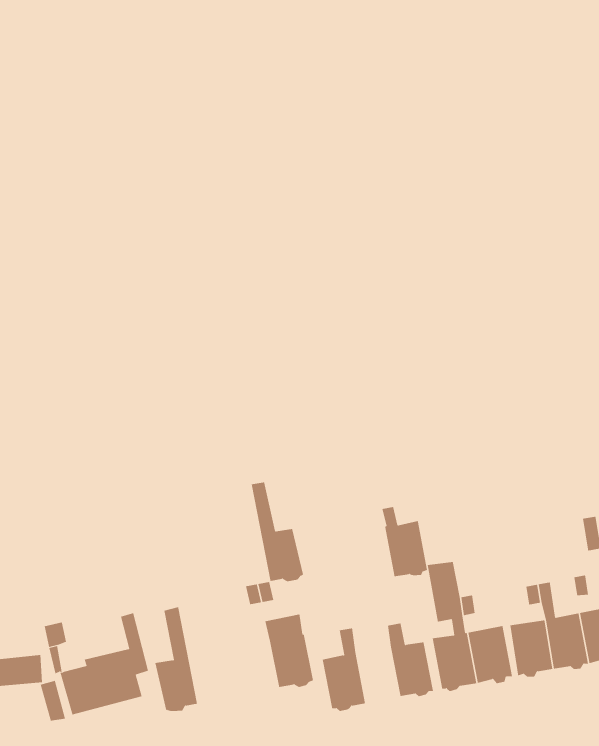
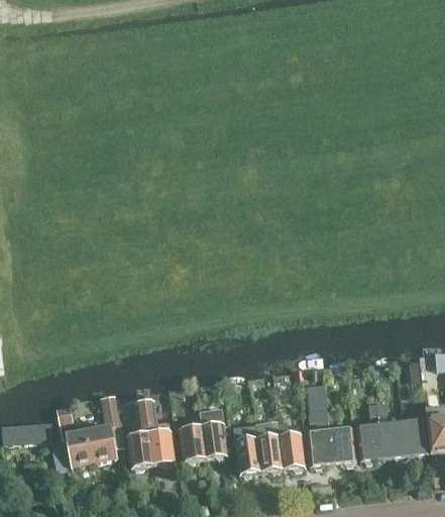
building: [251,482,304,582] -> [144,398,175,463]
building: [382,507,428,577] -> [255,424,283,470]
building: none -> [178,425,205,460]

